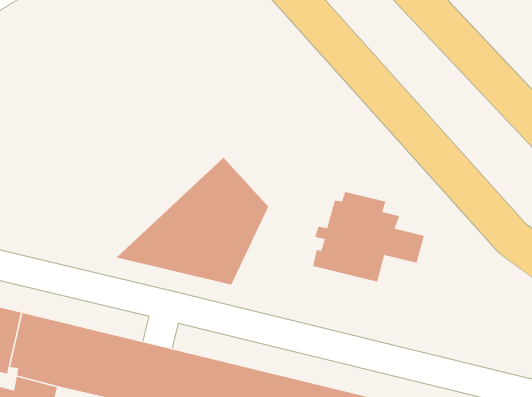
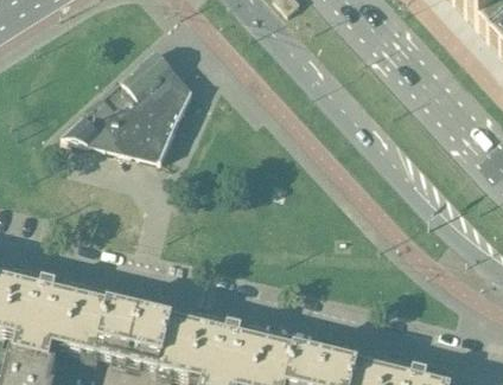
building: [116,157,269,286] -> [62,41,193,152]
building: [312,191,425,282] -> none

